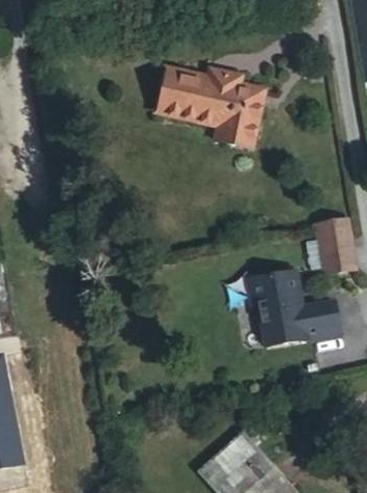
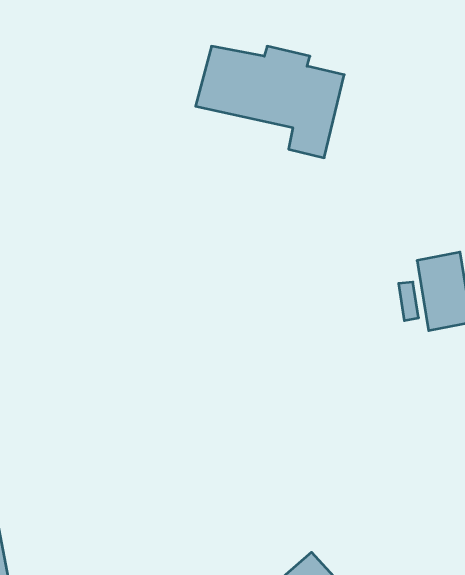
building: [248,269,343,346] -> none

